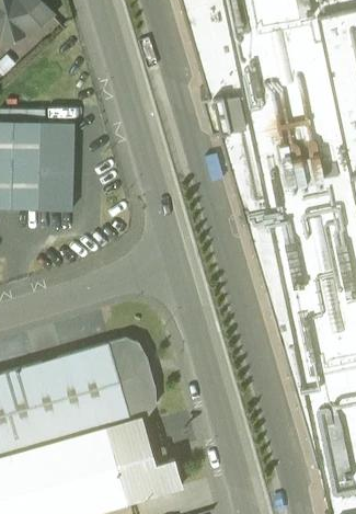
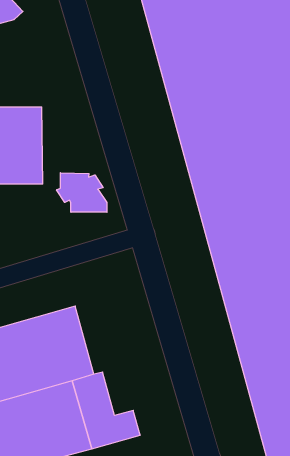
building: none -> [57,173,107,212]
building: [113,340,159,420] -> none

